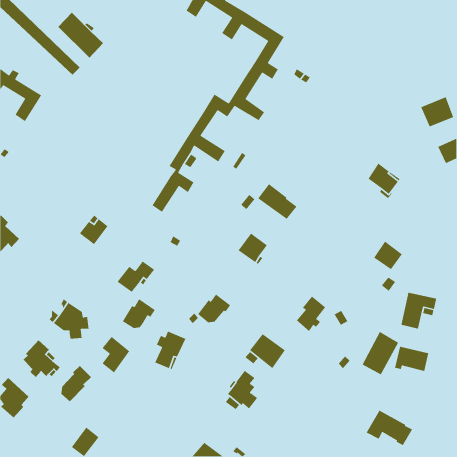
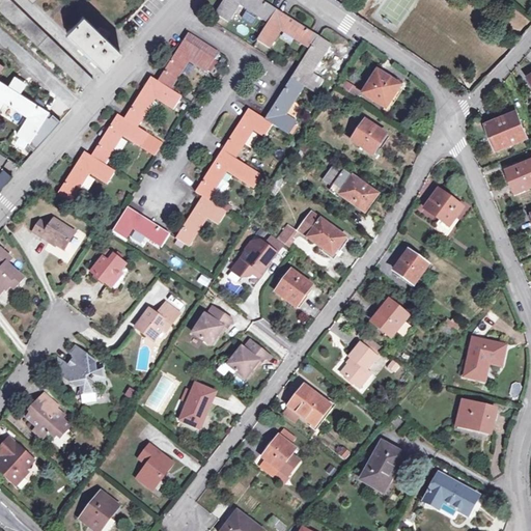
building: none -> [57,32,219,201]
building: none -> [363,71,399,107]
building: none -> [352,120,385,153]
building: none -> [326,169,375,211]
building: none -> [112,206,169,246]
building: none -> [33,217,75,247]
building: none -> [232,235,282,276]
building: [373,241,403,270] -> [394,249,428,283]
building: none -> [372,299,409,335]
building: [122,298,156,329] -> [193,305,232,340]
building: [362,331,399,376] -> [360,441,403,493]
building: [102,336,130,373] -> [138,443,171,486]
building: [60,365,92,402] -> none

